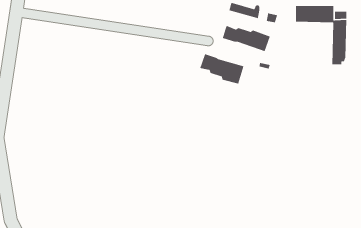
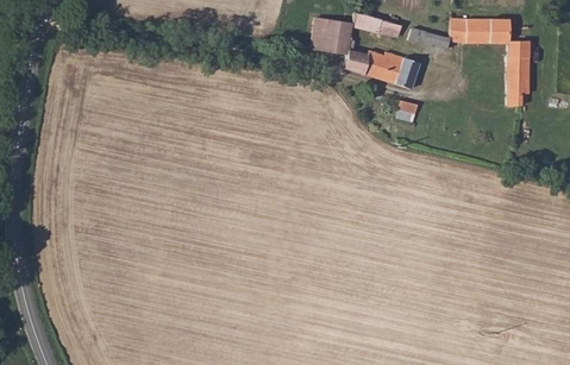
building: none -> [313,18,355,54]
building: [199,53,244,85] -> none

